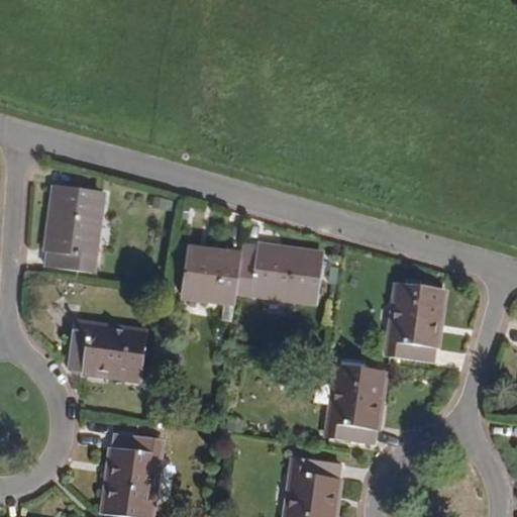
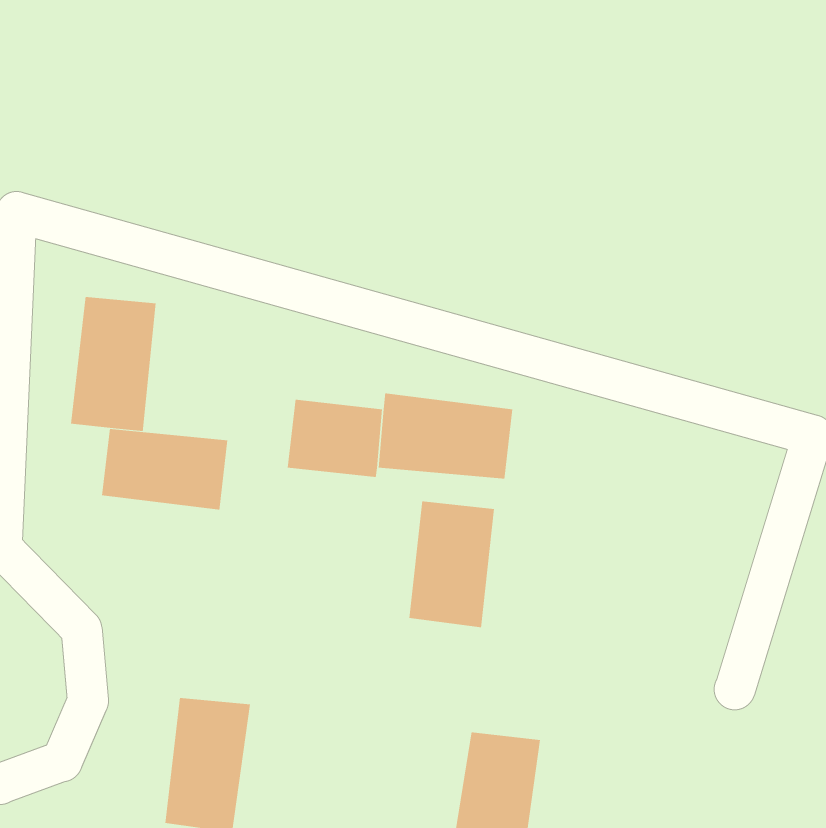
building: [390,285,442,363] -> none
building: [68,328,146,379] -> [101,429,228,510]
building: [329,365,383,443] -> [408,501,495,628]

